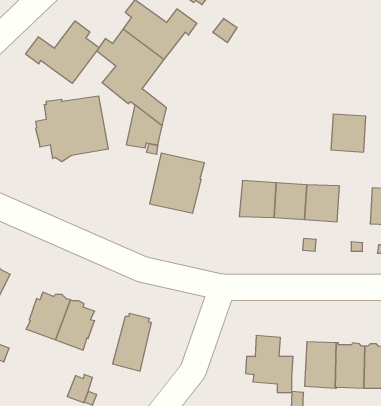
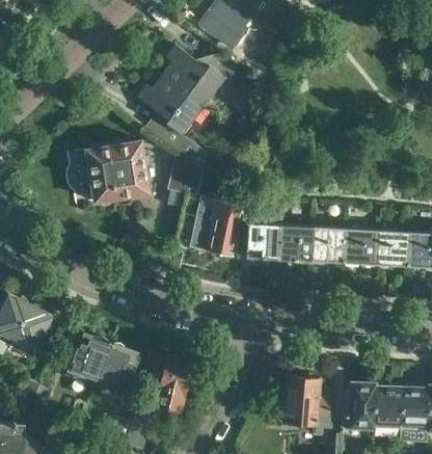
building: [26,21,99,83] -> none
building: [331,114,366,152] -> [374,230,408,267]
building: none -> [245,222,280,260]

